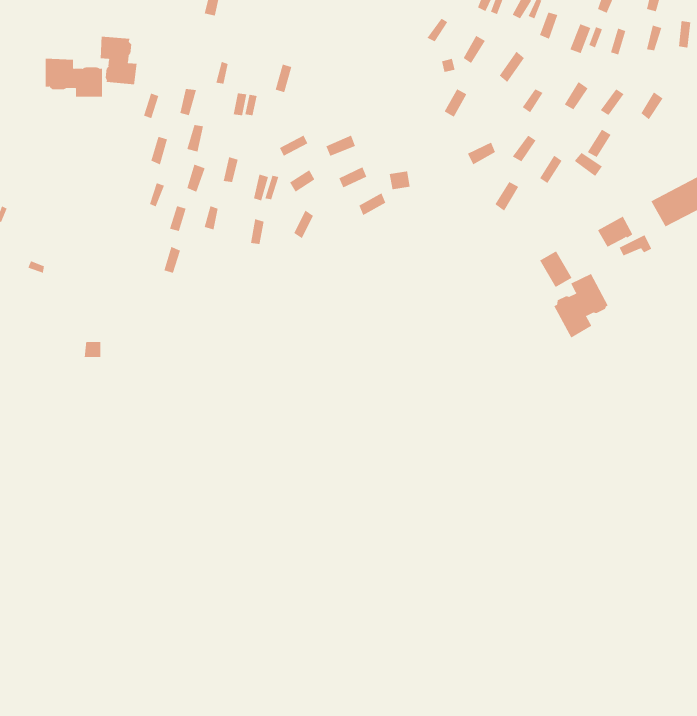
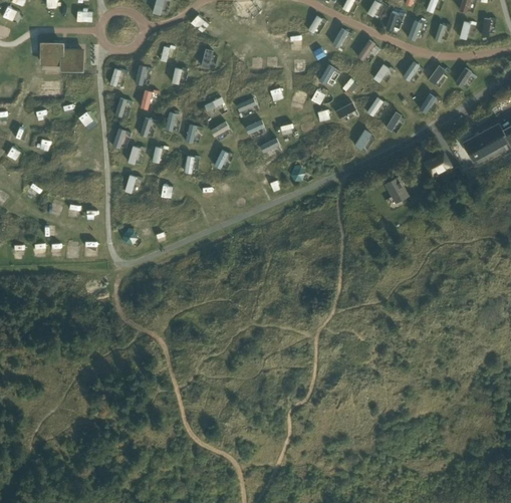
building: [100,36,137,85] -> none
building: [554,273,609,338] -> none

